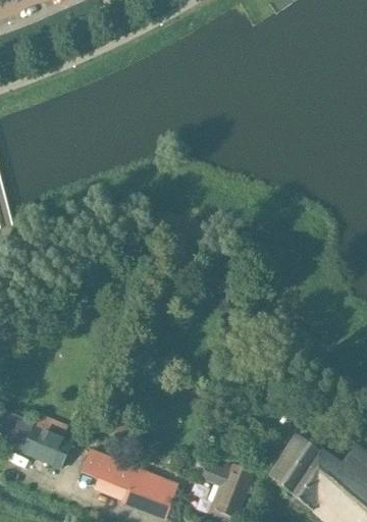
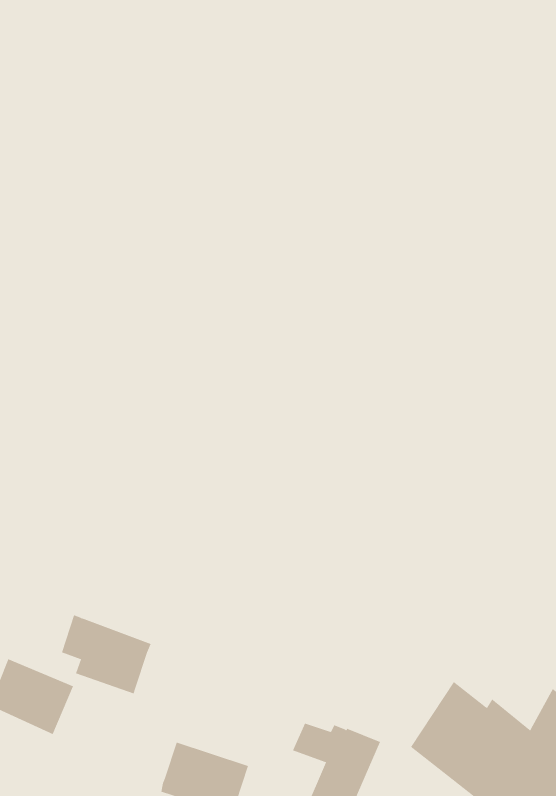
building: [81,449,134,495] -> [61,614,151,694]

